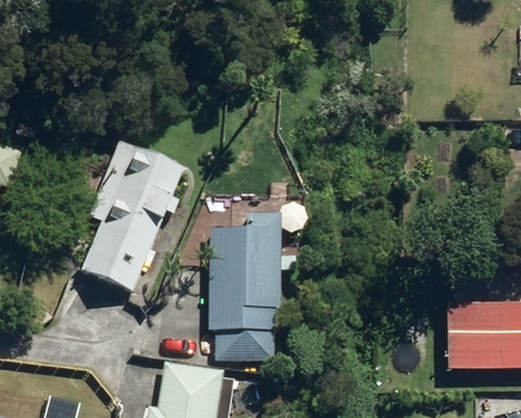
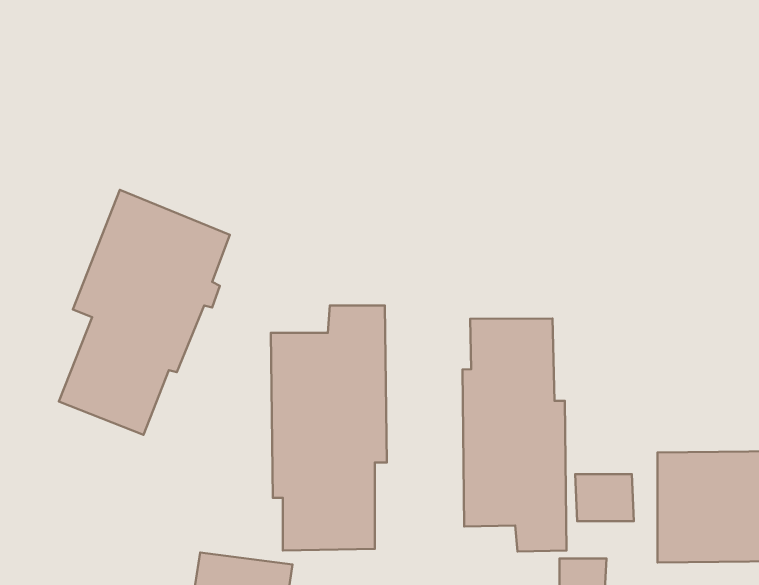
building: none -> [463,319,566,552]

